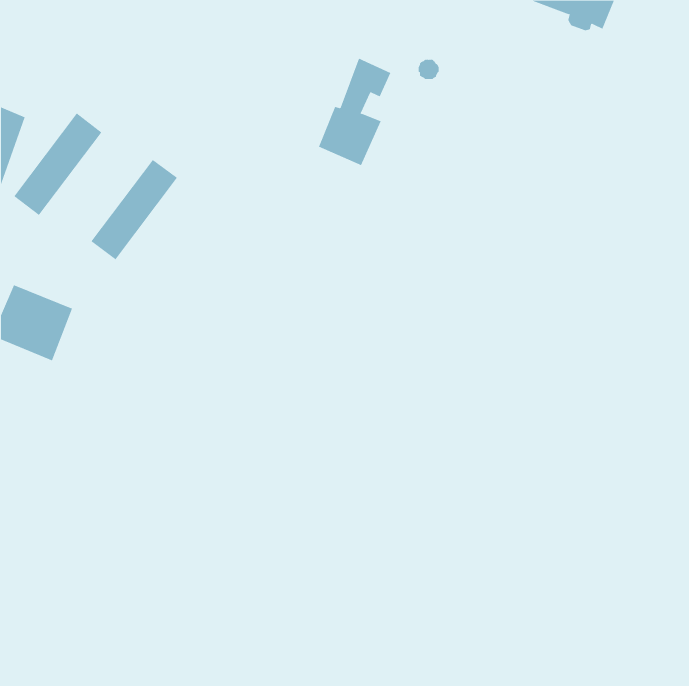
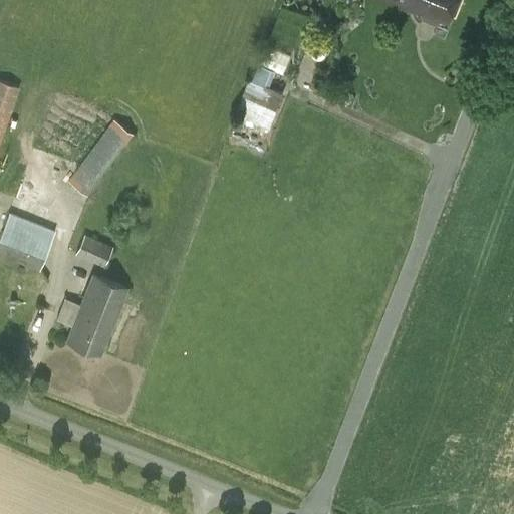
building: [13,113,102,216] -> none
building: none -> [76,236,112,268]
building: none -> [57,275,125,354]

